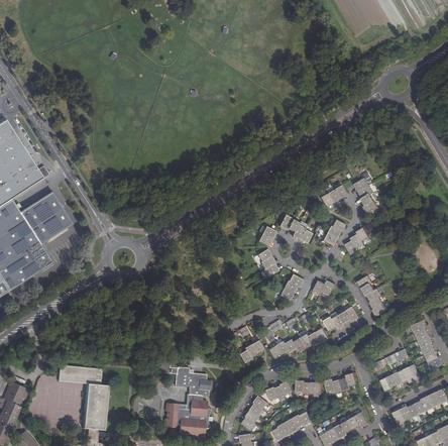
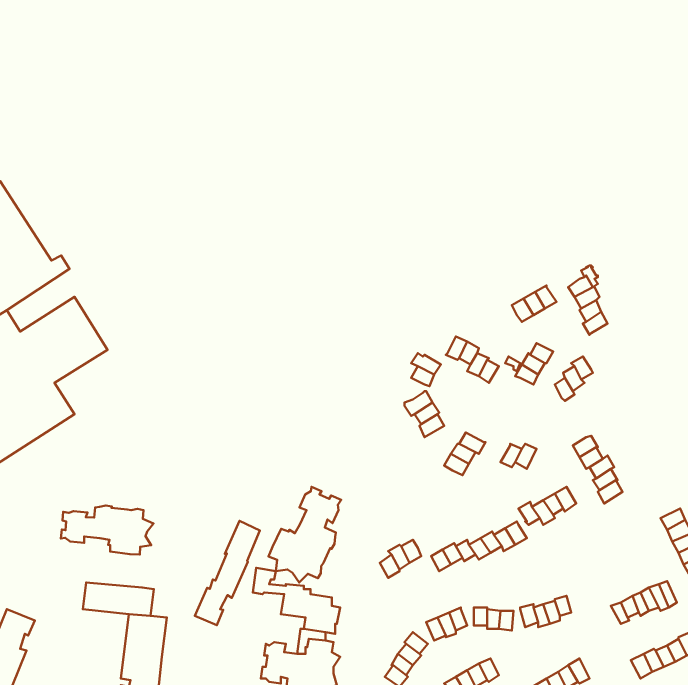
building: none -> [269,487,341,582]
building: none -> [61,506,154,555]
building: none -> [195,521,260,625]

